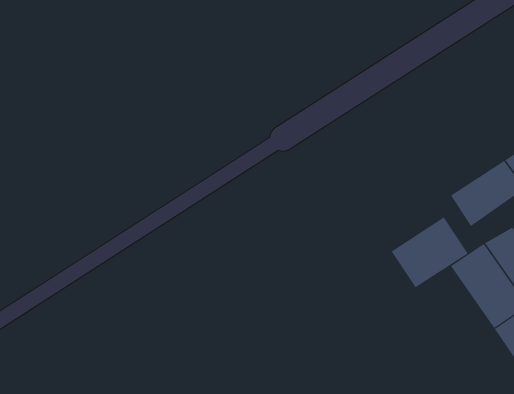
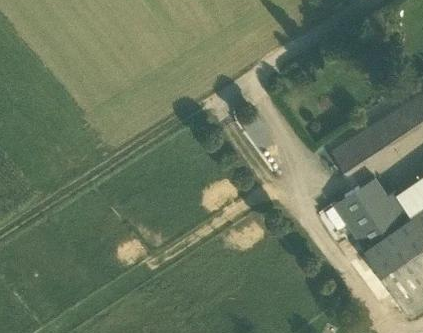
building: [391,217,469,288] -> none

